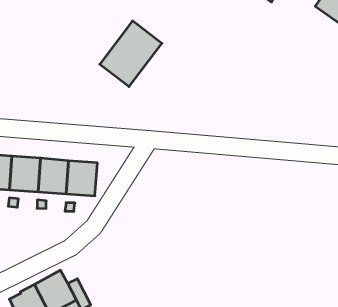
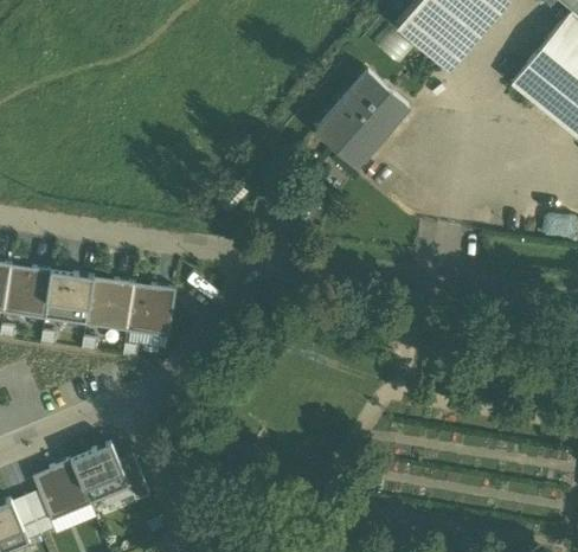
building: [100,21,162,87] -> [314,71,406,166]

